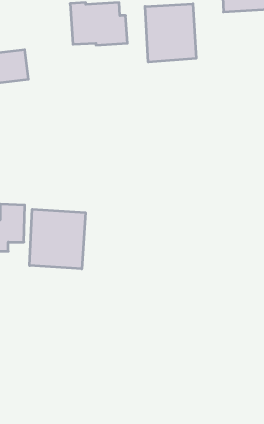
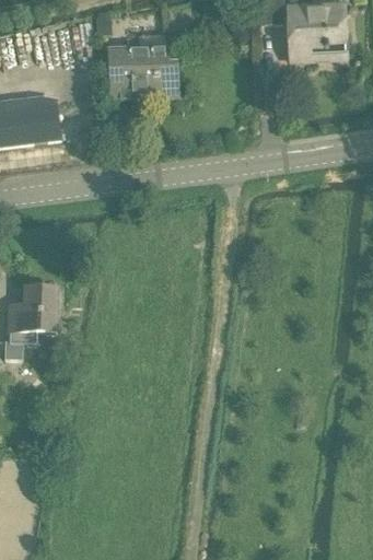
building: [145,4,196,62] -> none
building: [30,209,85,269] -> none

